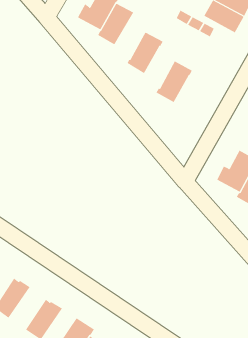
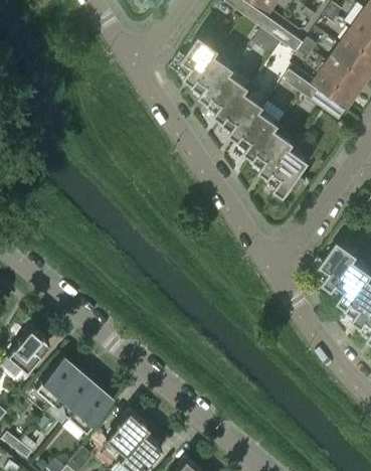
building: none -> [205,71,250,120]
building: none -> [235,109,281,157]
building: none -> [264,146,310,194]
building: none -> [50,368,97,417]

